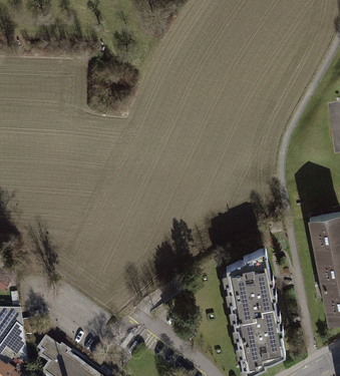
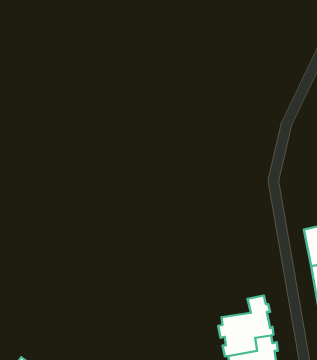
building: [223,246,273,300] -> none

